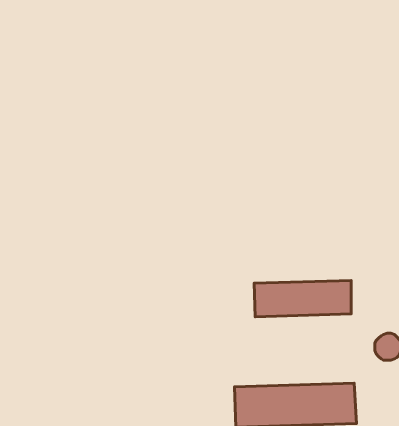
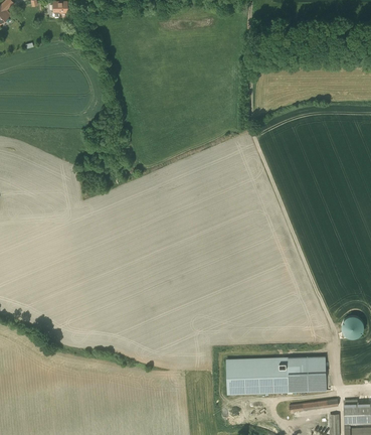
building: [254,280,351,317] -> none

